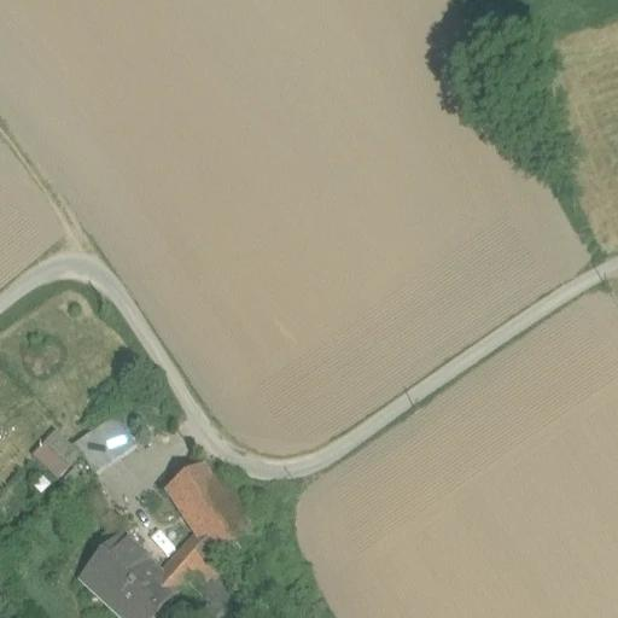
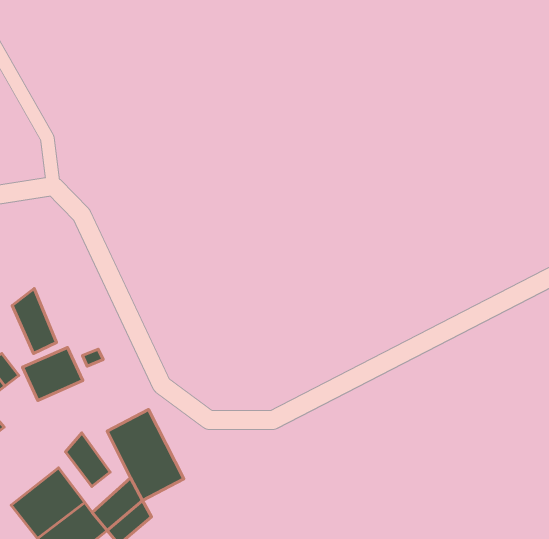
building: none -> [12,288,57,353]
building: none -> [66,433,110,487]

